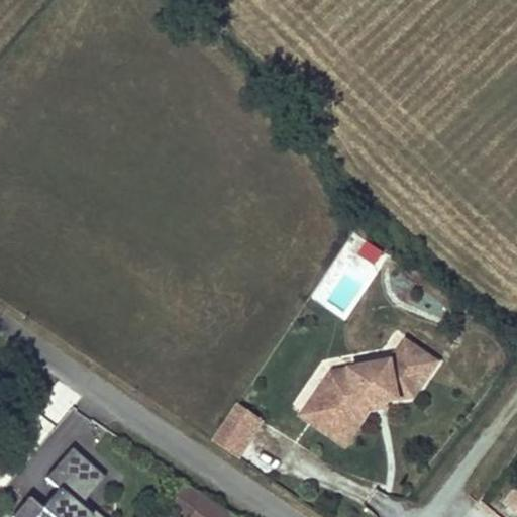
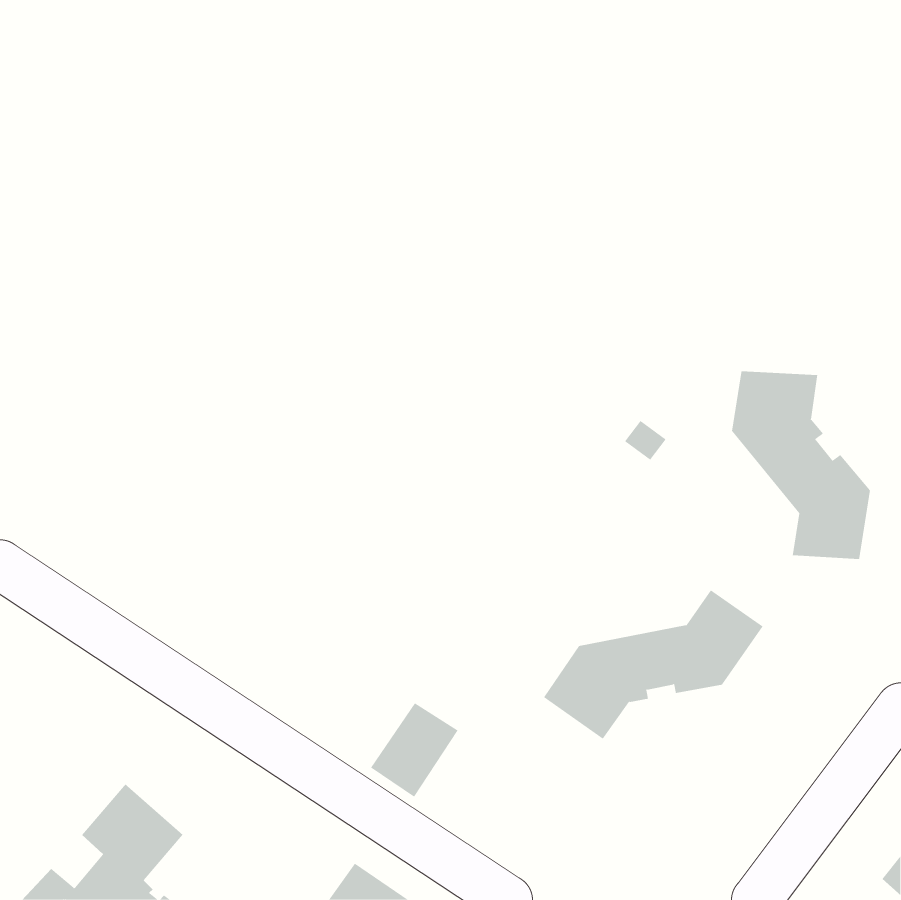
building: none -> [731,370,870,560]
building: [302,392,388,441] -> none

